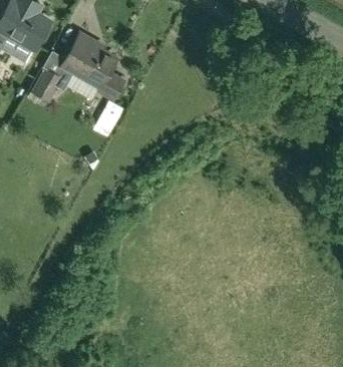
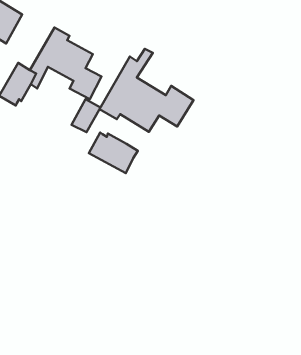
building: none -> [99,49,194,132]
building: none -> [89,133,138,173]

